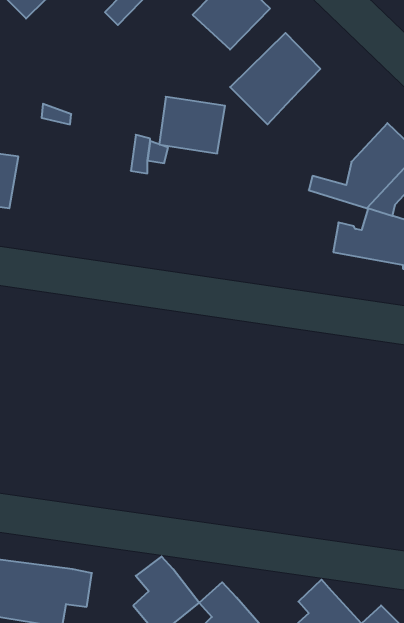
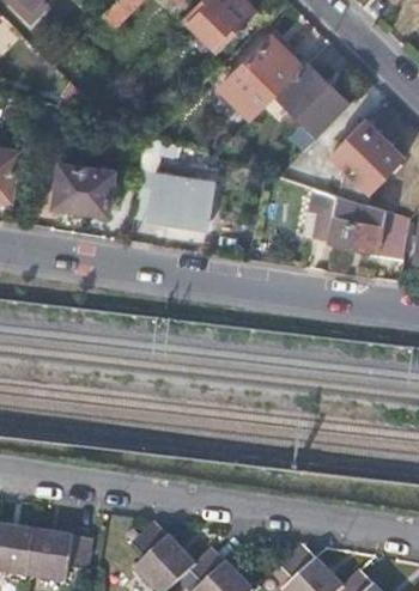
building: none -> [274,65,350,138]
building: [159,97,225,153] -> [151,173,212,226]
building: none -> [54,163,115,214]

